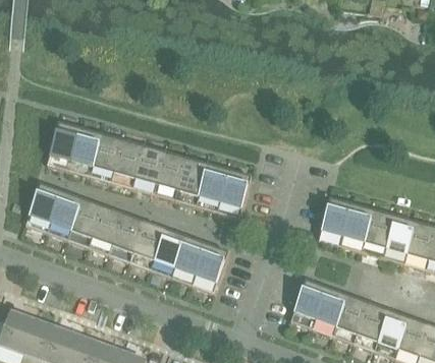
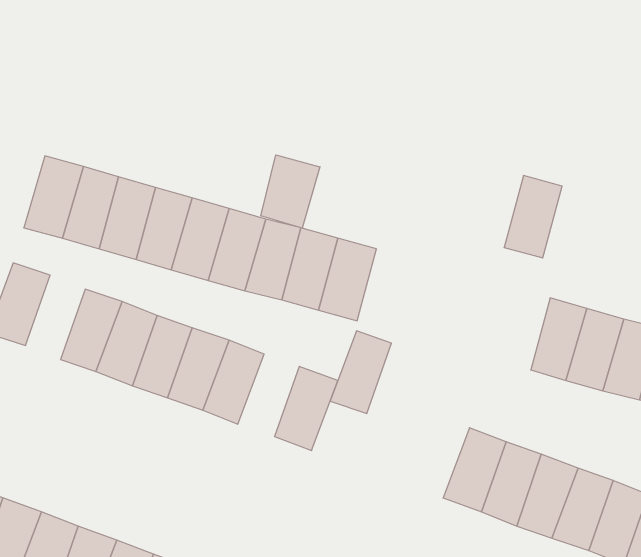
building: none -> [261,155,320,228]
building: [47,189,81,238] -> none
building: [318,196,351,244] -> [504,176,562,258]
building: [170,235,206,283] -> [330,331,391,413]

